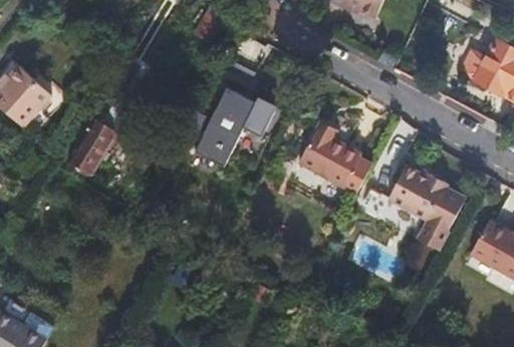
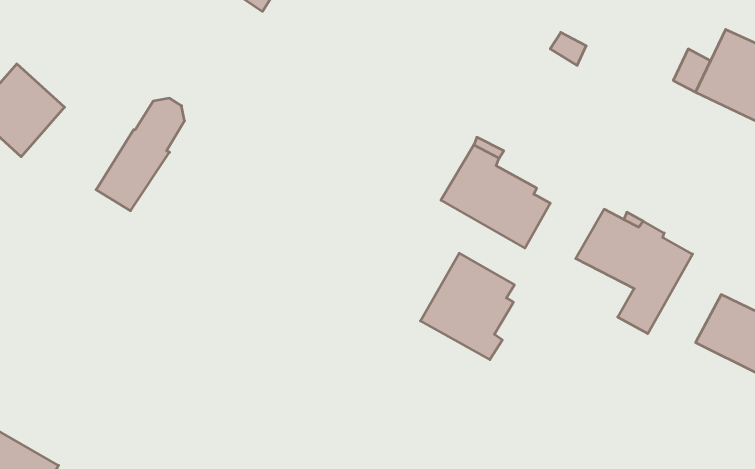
building: [195,81,276,161] -> none
building: none -> [420,253,514,360]

